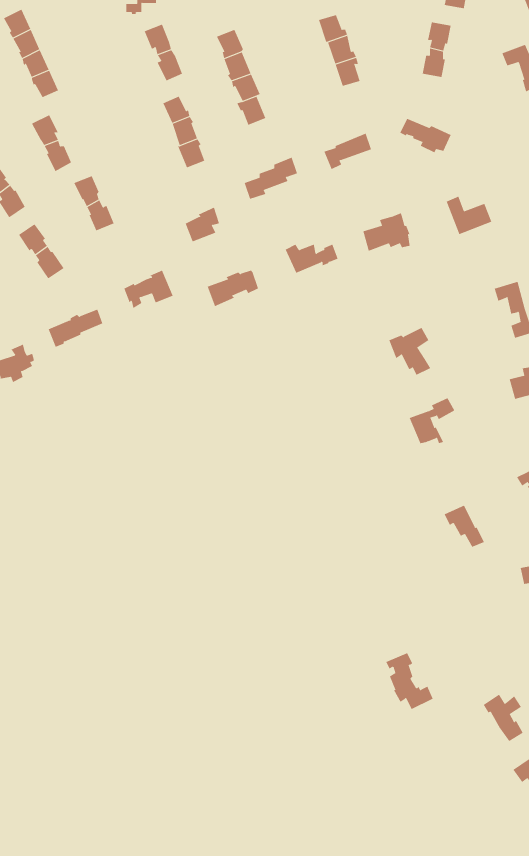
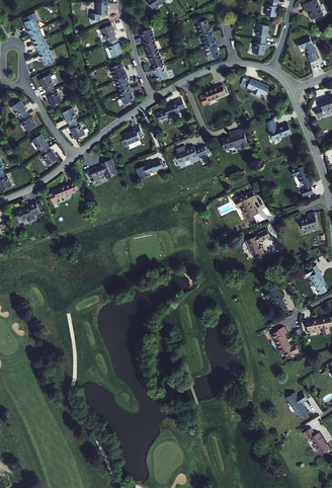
building: [385,653,434,710] -> [272,328,299,359]

